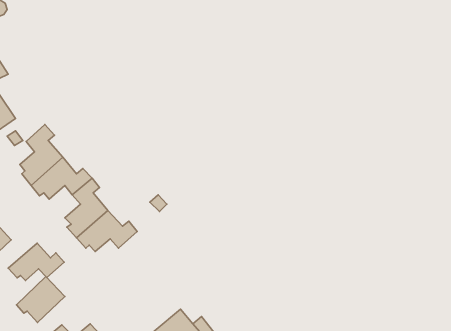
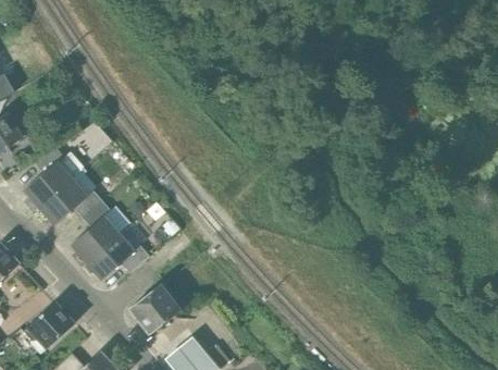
building: [8,243,64,281] -> none
building: none -> [128,286,179,336]

